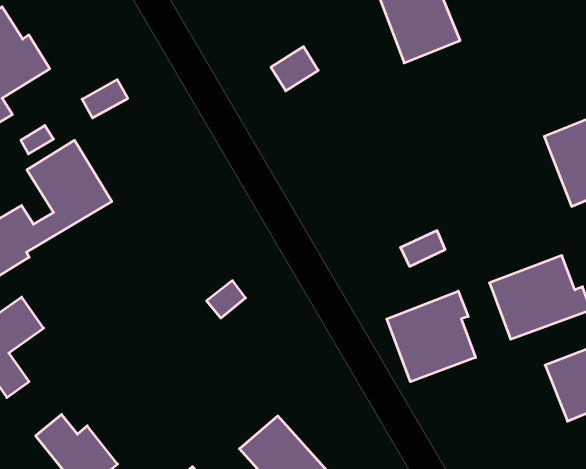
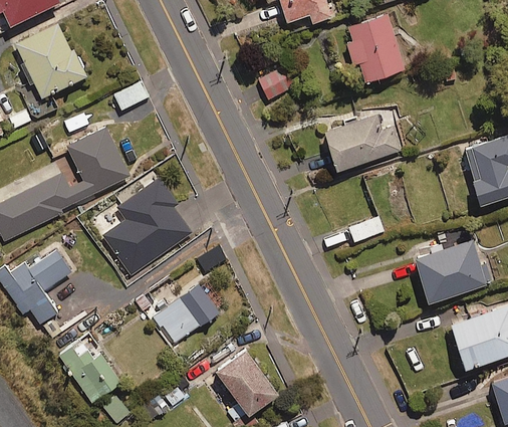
building: none -> [325,117,401,172]
building: none -> [102,174,192,273]
building: [387,291,476,382] -> none
building: none -> [155,284,219,346]

